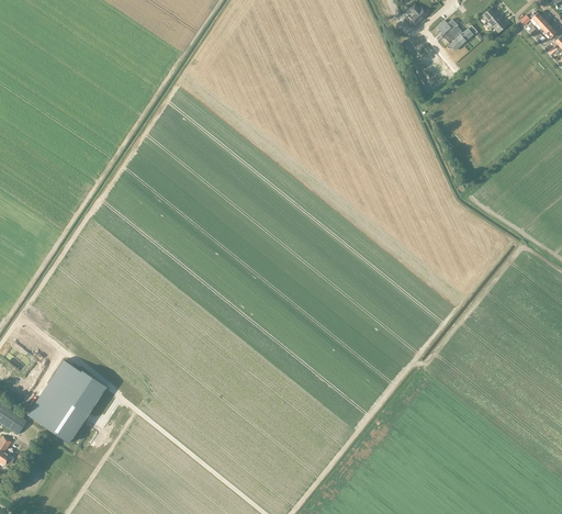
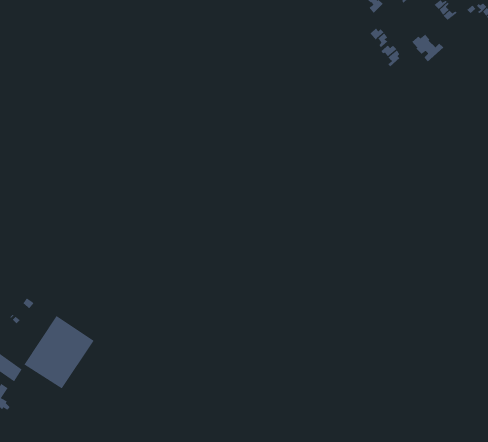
building: [436,19,472,51] -> [412,34,444,62]

